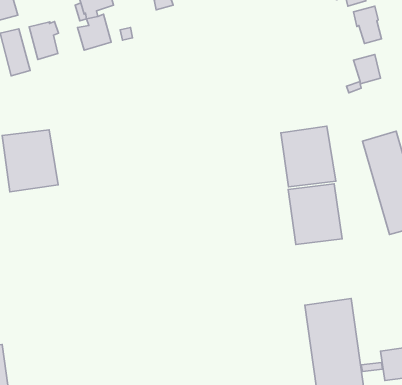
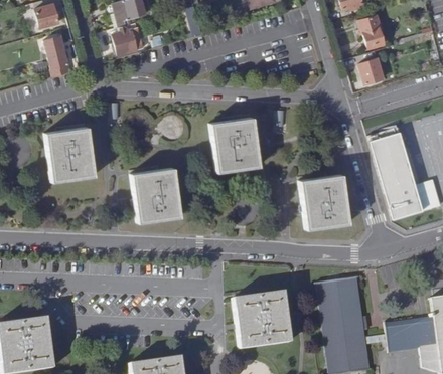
building: [29,22,59,60] -> none
building: [281,126,336,187] -> [211,117,261,171]
building: none -> [133,167,181,221]
building: none -> [235,292,290,349]

